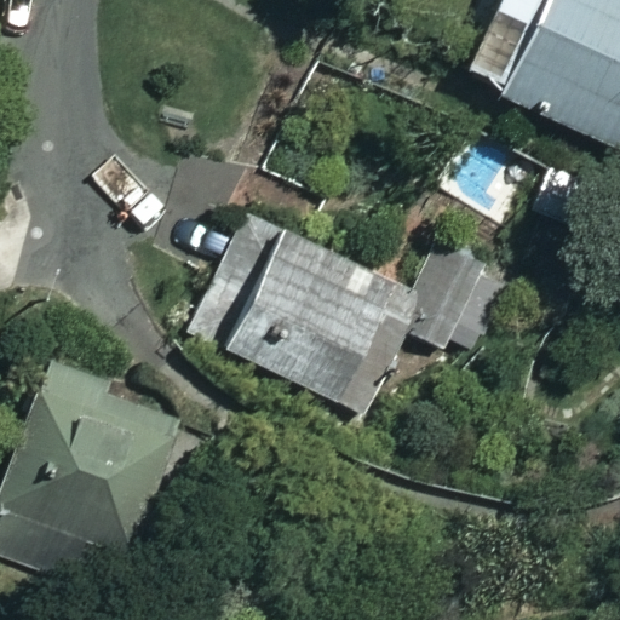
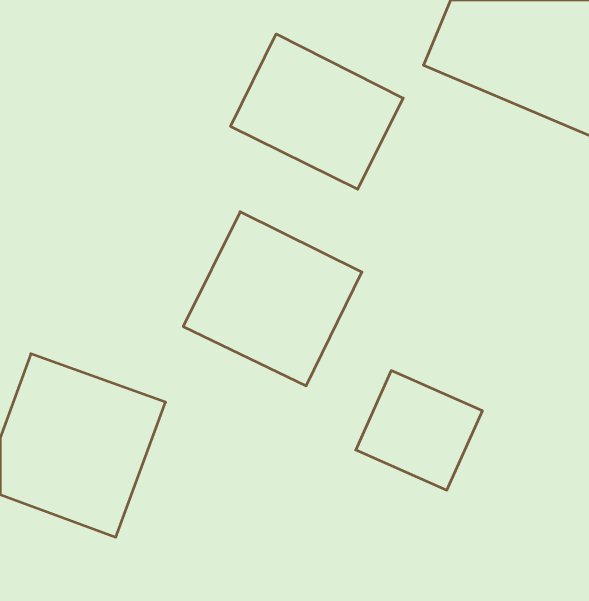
building: none -> [231,34,403,189]
building: [386,240,516,362] -> [356,371,482,490]

